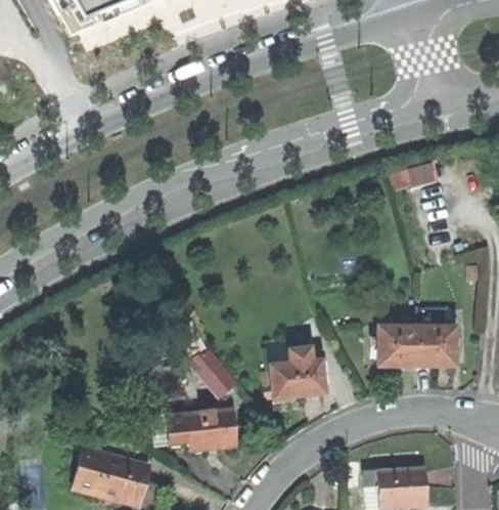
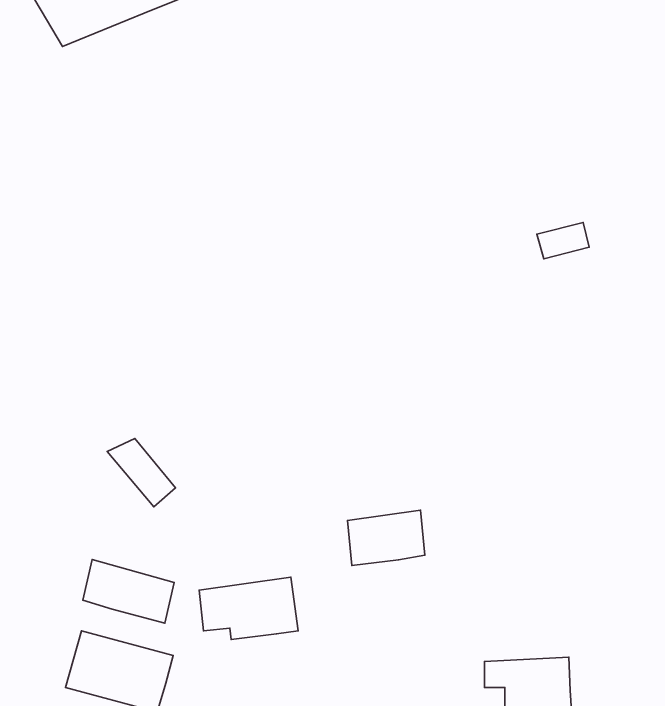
building: [377,326,457,369] -> none
building: [191,346,239,394] -> [107,438,176,507]
building: none -> [83,559,174,623]

